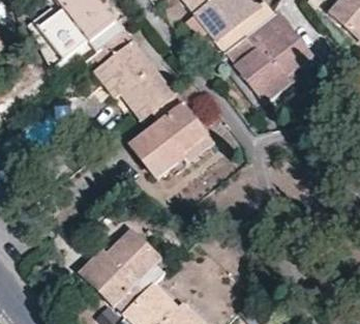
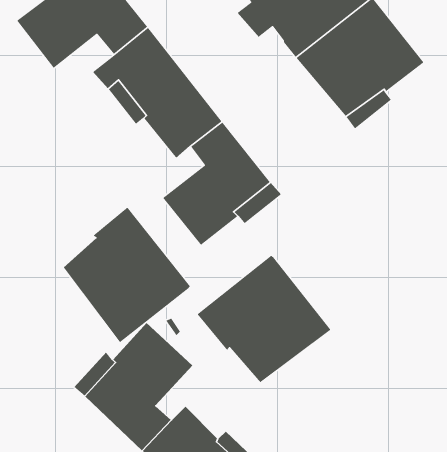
building: none -> [63,206,191,343]
building: none -> [196,255,331,383]

